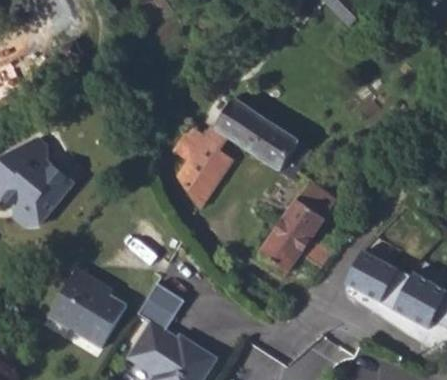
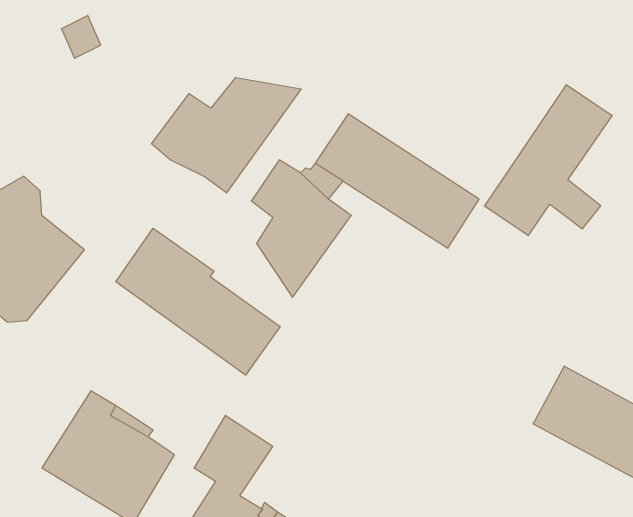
building: none -> [152,77,301,193]
building: none -> [116,228,280,375]
building: [260,181,338,273] -> [484,85,612,235]

